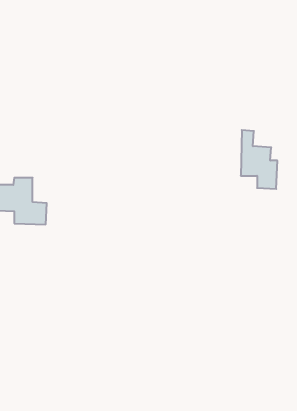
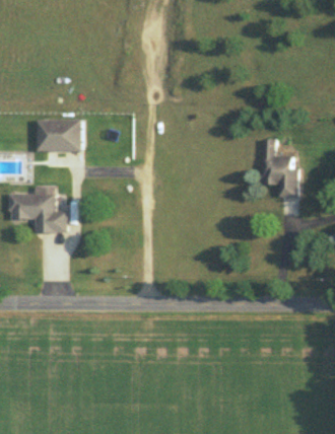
building: none -> [37,119,82,150]

